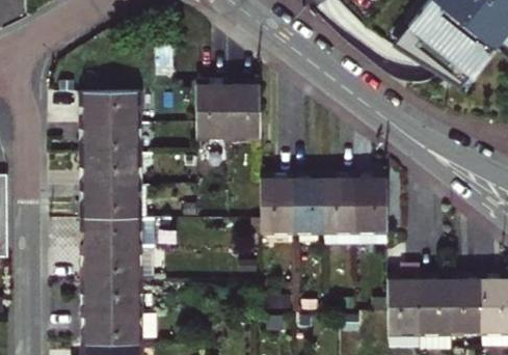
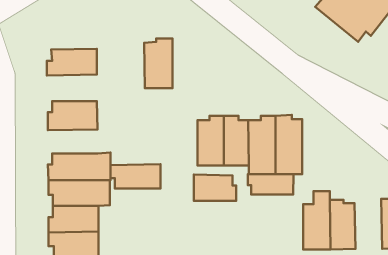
building: [230,80,260,140] -> none
building: [78,124,138,156] -> none
building: [79,190,139,219] -> [111,164,160,188]
building: none -> [248,174,293,194]
building: none -> [194,175,236,201]
building: [450,274,483,334] -> none

